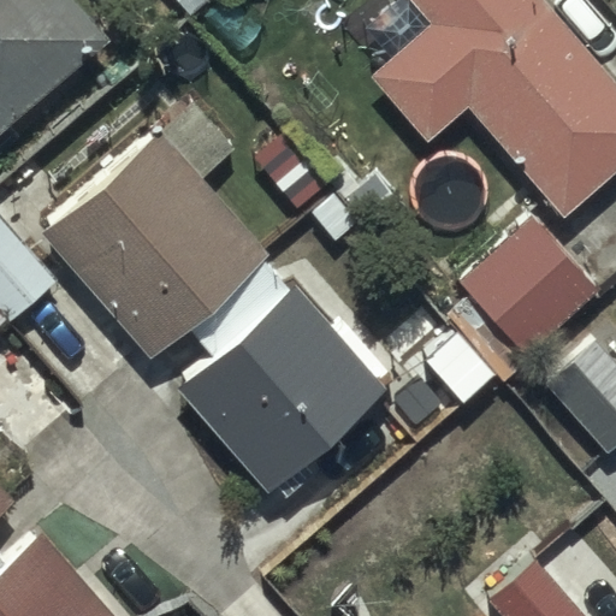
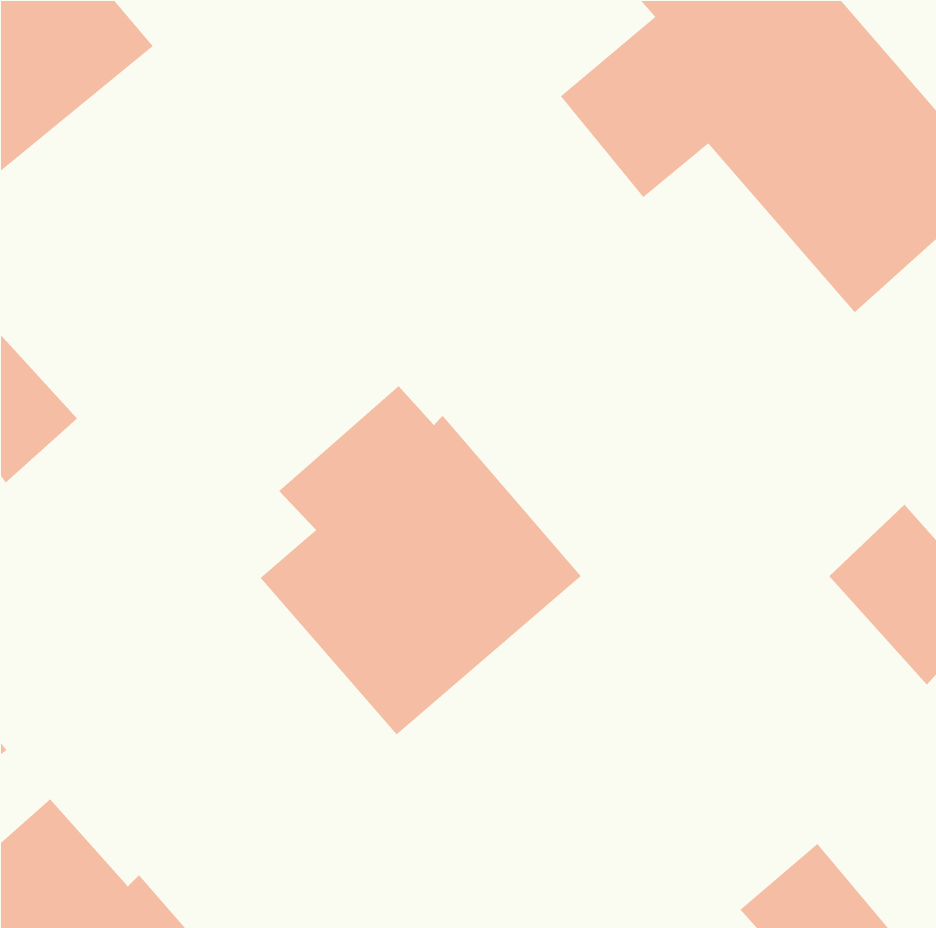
building: [42,101,267,356] -> none
building: [457,218,598,359] -> none

